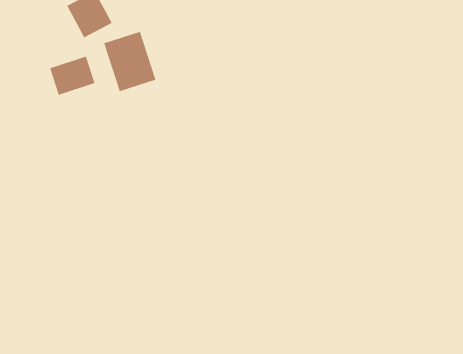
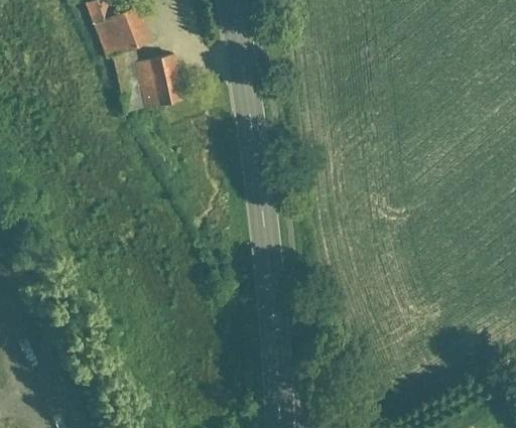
building: [49,55,96,96] -> none

